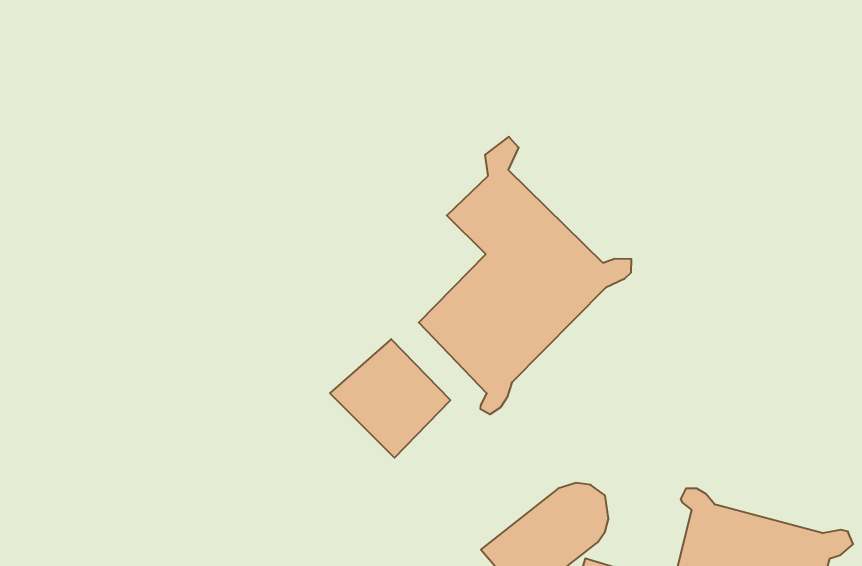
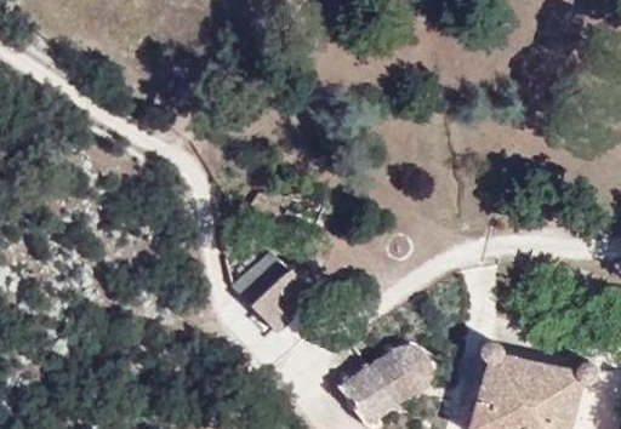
building: [419,137,631,414] -> none

